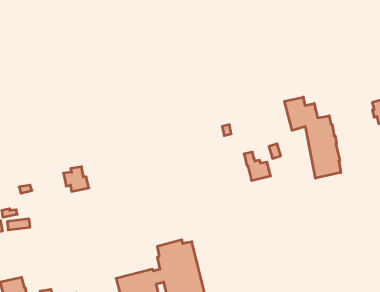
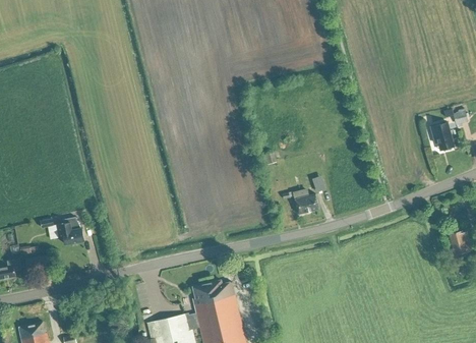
building: [284,97,341,178] -> none
building: [63,167,89,191] -> [55,217,83,244]

